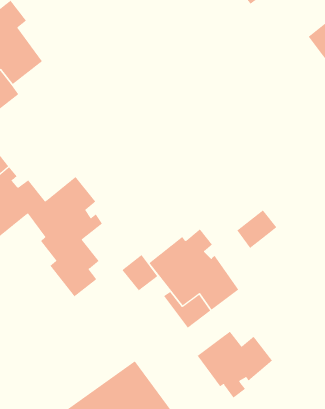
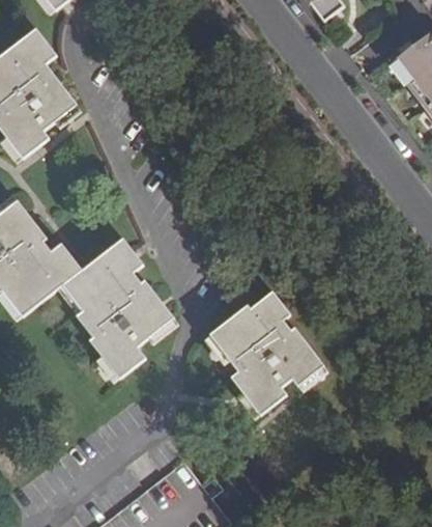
building: [237,209,277,249] -> none
building: [122,254,158,291] -> [127,294,172,339]
building: [197,331,273,398] -> none

